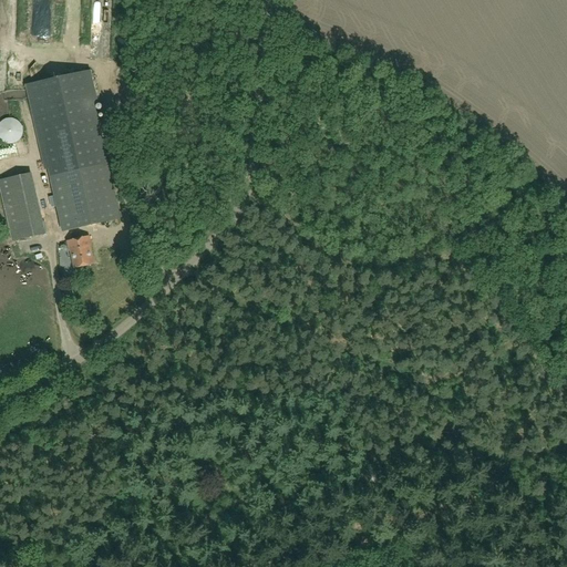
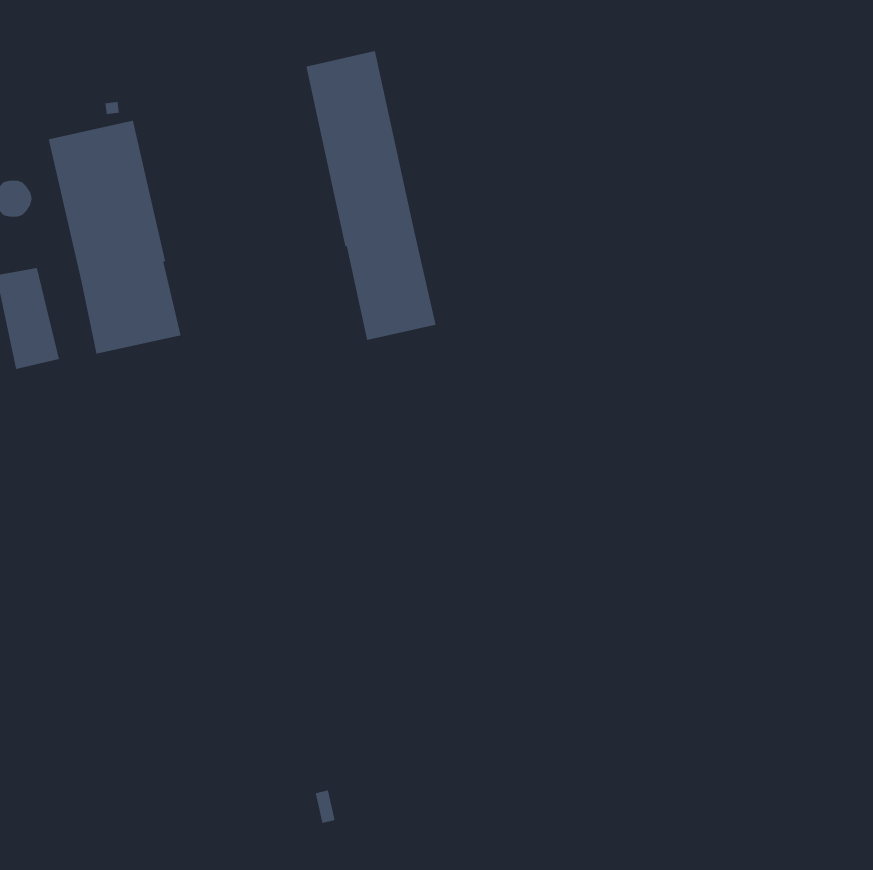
building: none -> [305,50,437,341]
building: [64,233,93,267] -> none

